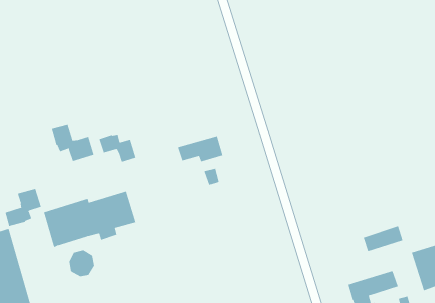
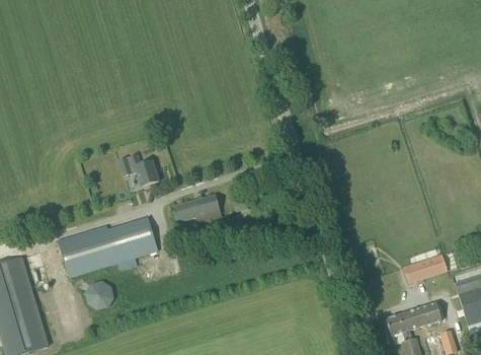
building: [51,124,94,162] -> none
building: [177,136,223,162] -> [172,194,222,222]
building: [5,188,41,227] -> none

